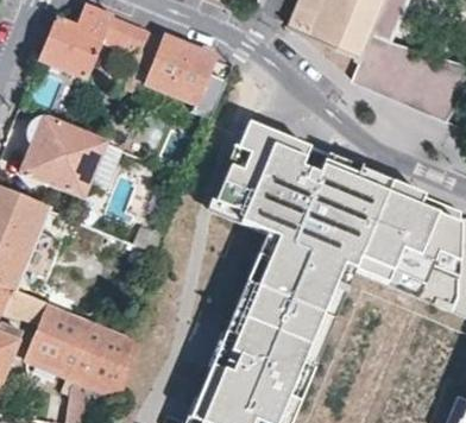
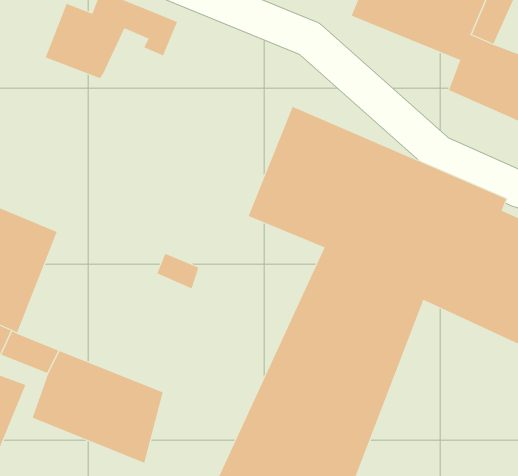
building: [132,34,215,107] -> none
building: [21,119,108,201] -> none

